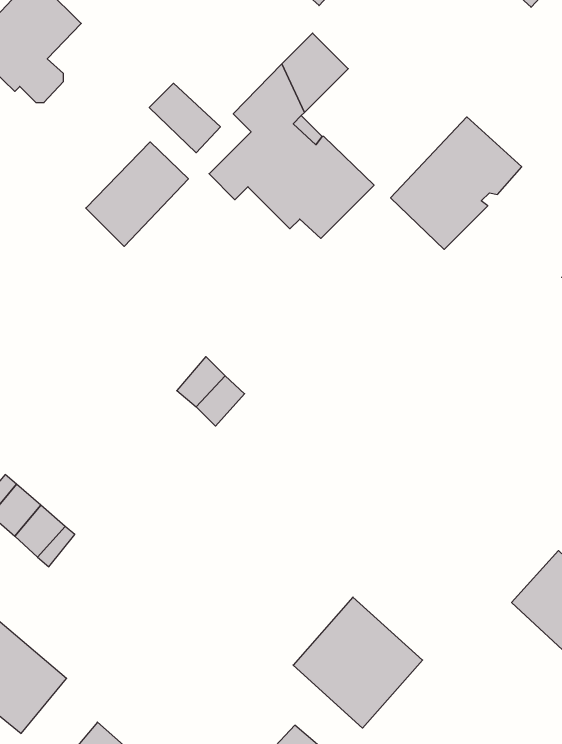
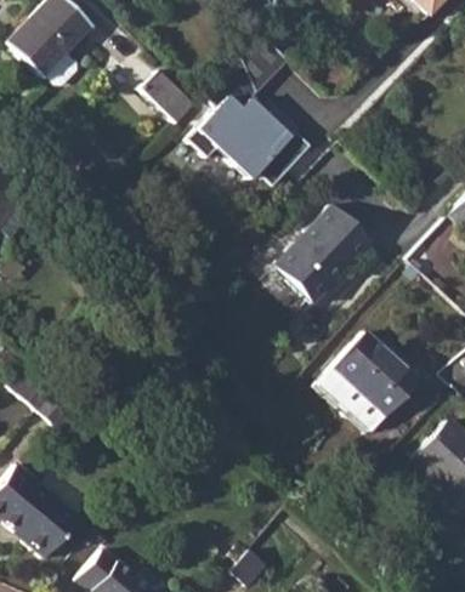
building: [391,117,522,249] -> [272,205,370,304]
building: [86,142,188,246] -> none
building: [293,597,423,728] -> [321,332,418,431]

